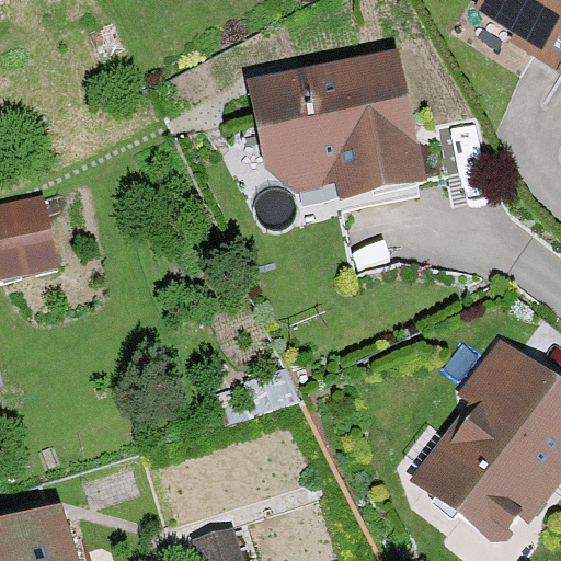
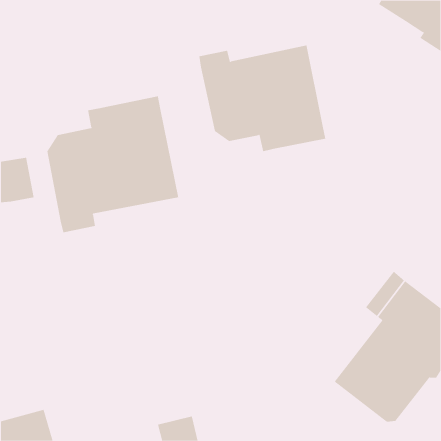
building: none -> [47,95,179,233]

